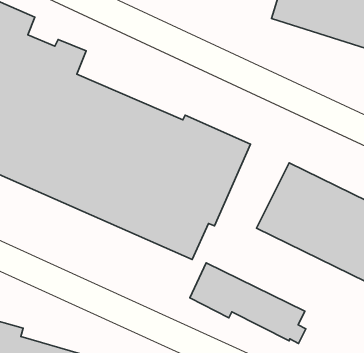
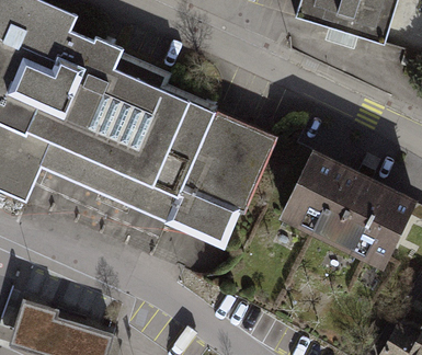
building: [190,263,306,343] -> none

